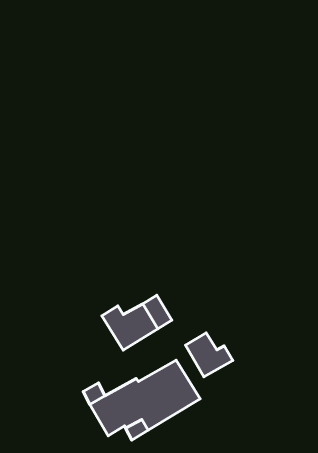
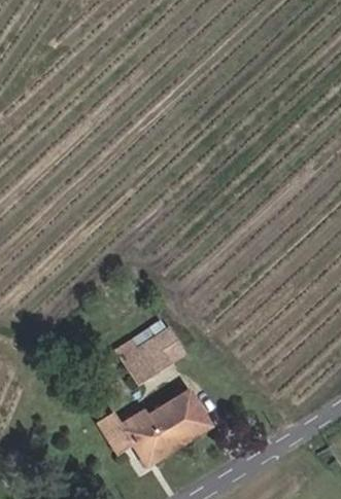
building: [186,333,233,377] -> none

